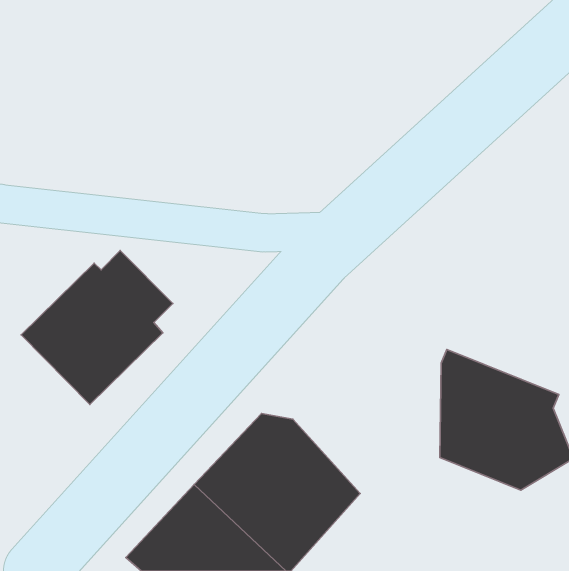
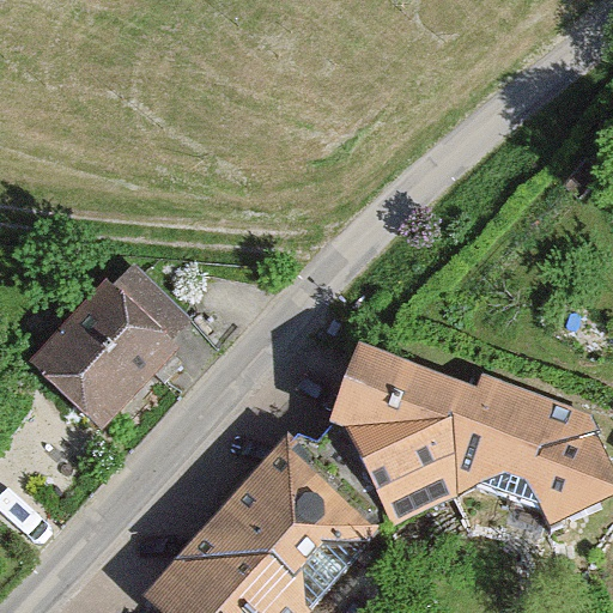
building: none -> [317,340,475,526]

